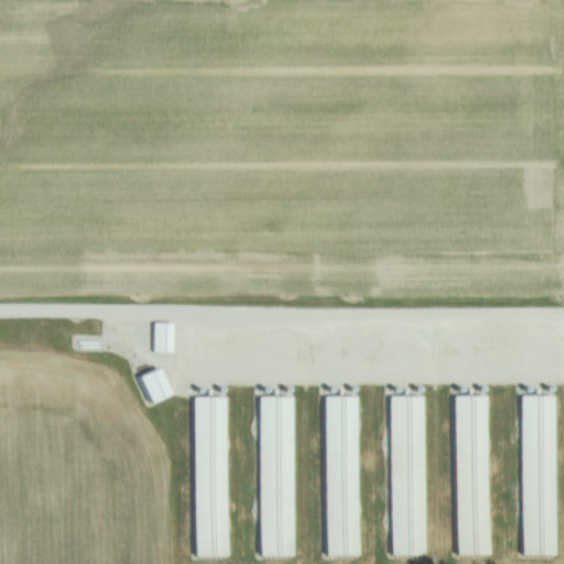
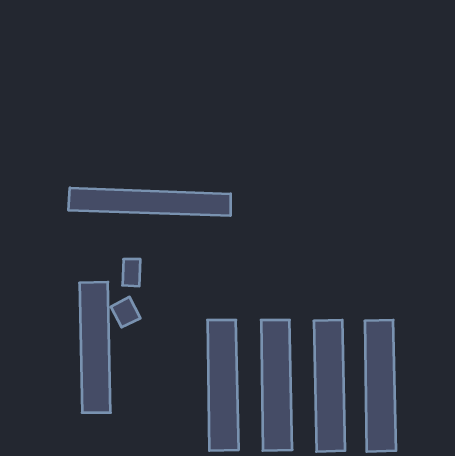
building: none -> [69,188,231,216]
building: [520,394,558,556] -> none
building: [191,395,229,556] -> [79,282,111,413]

